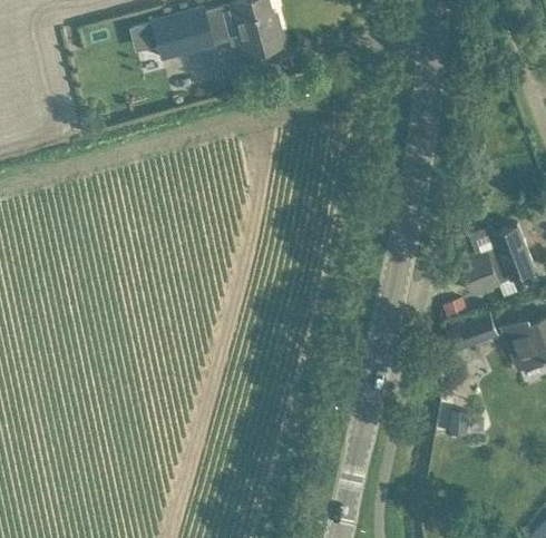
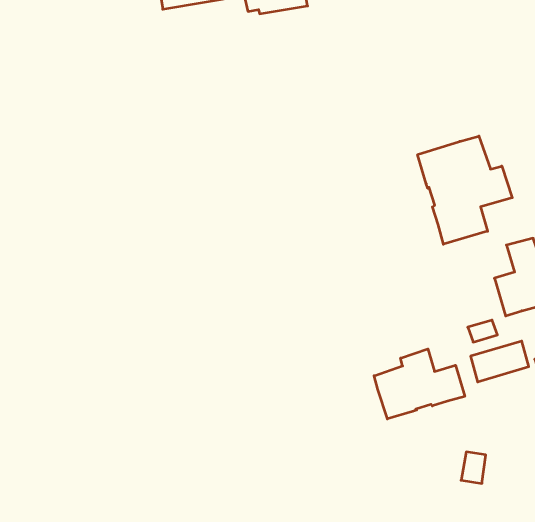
building: none -> [418,136,512,244]
building: none -> [374,349,465,419]

